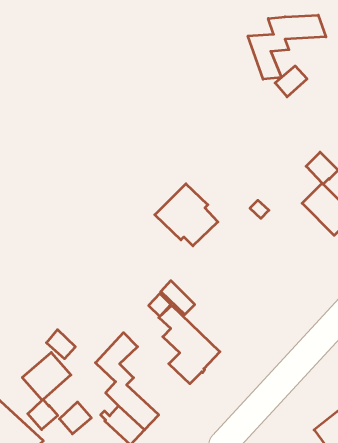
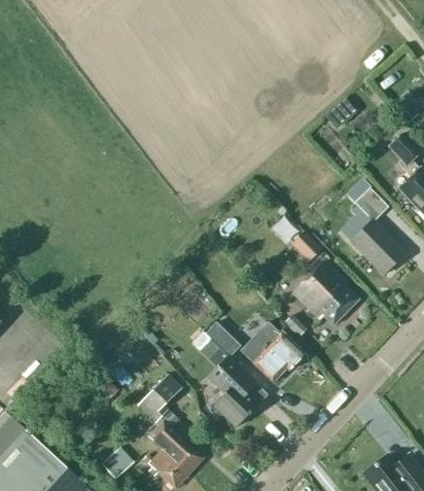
building: [248,15,326,79] -> none
building: [155,184,218,246] -> [293,261,358,325]
building: none -> [240,322,304,383]
building: [22,352,71,430] -> none

